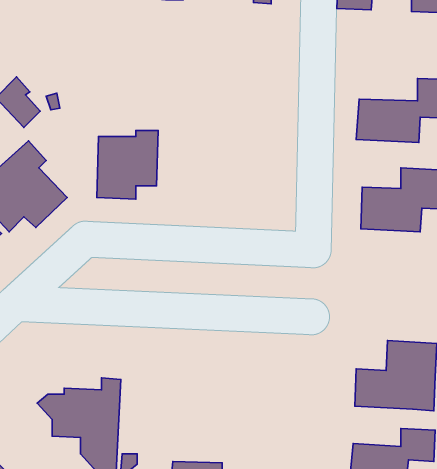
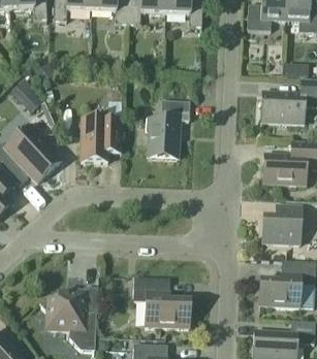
building: none -> [146,100,190,159]
building: none -> [262,204,302,244]
building: none -> [133,278,190,328]

